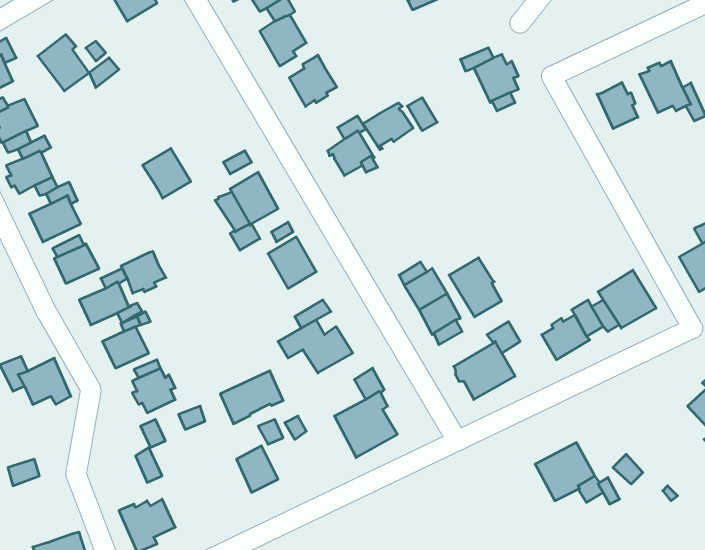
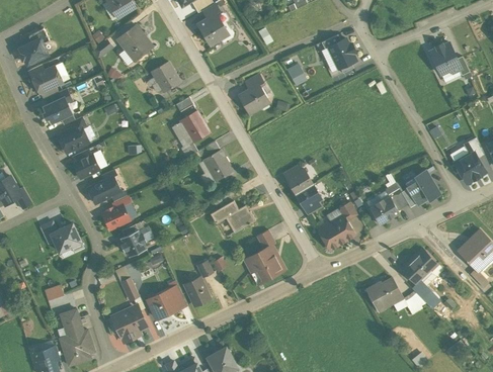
building: [38,35,89,91] -> [117,25,149,60]
building: [289,55,337,107] -> none
building: [597,82,638,129] -> none
building: [364,103,413,150] -> none
building: [143,148,191,198] -> [151,62,180,92]
building: [121,251,166,293] -> none
building: [449,258,501,317] -> none
building: [220,371,283,424] -> [148,286,186,318]
building: none -> [402,248,437,282]
building: none -> [61,309,84,336]

